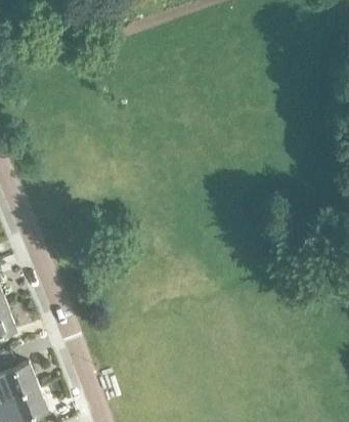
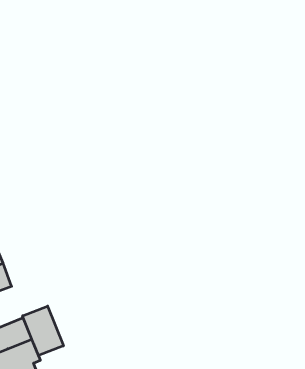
building: none -> [23,306,63,356]

